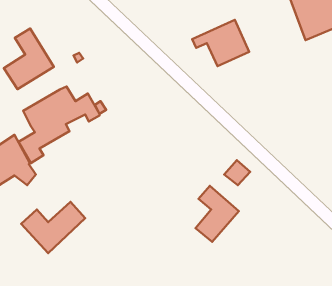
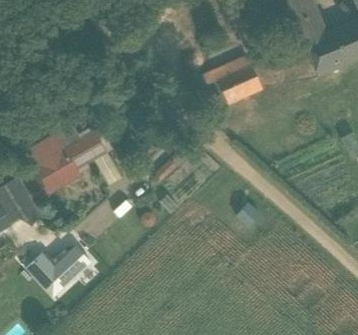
building: [4,29,54,89] -> none
building: [196,186,239,242] -> none

